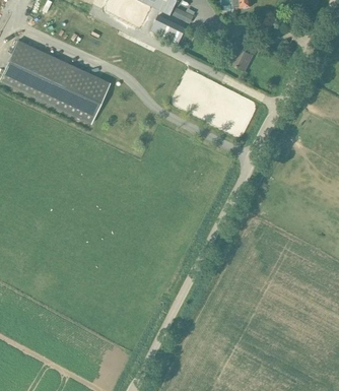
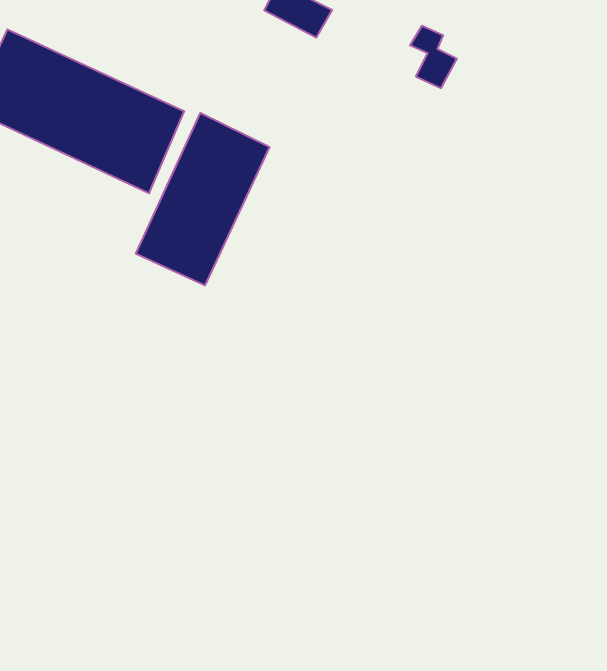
building: none -> [136,113,269,286]

